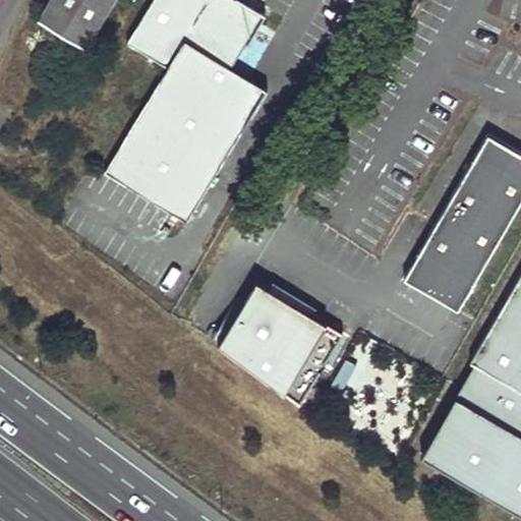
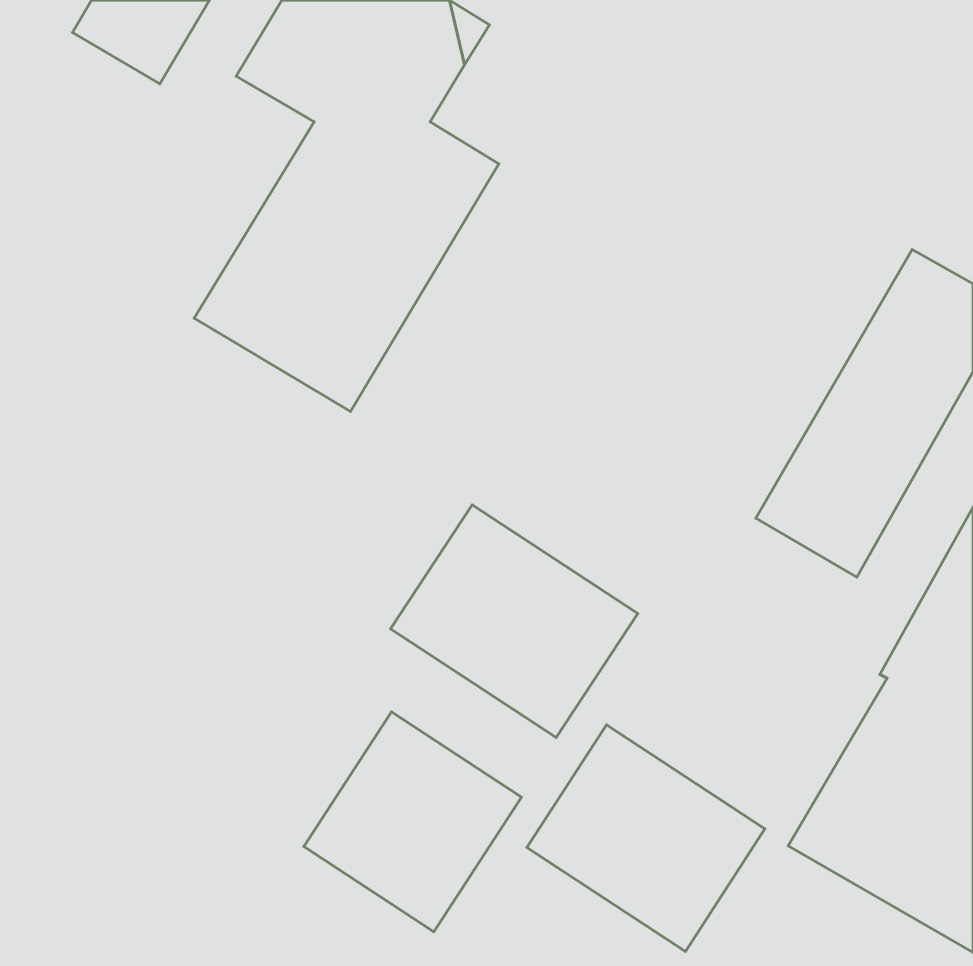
building: none -> [304,712,522,932]
building: none -> [527,725,765,952]

